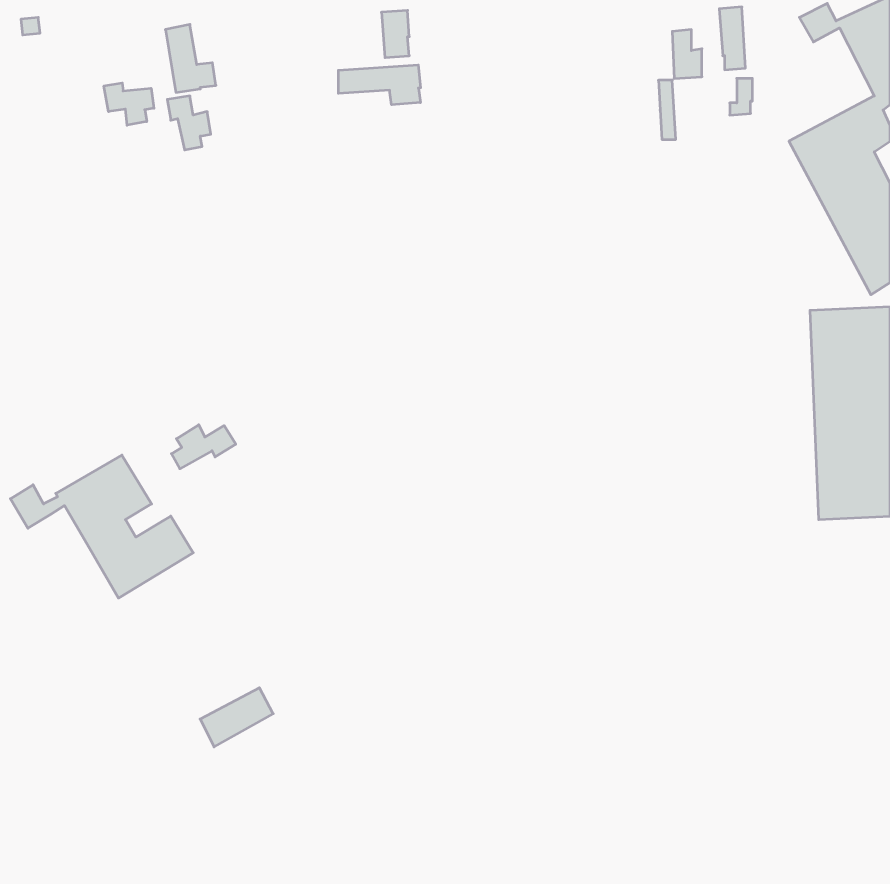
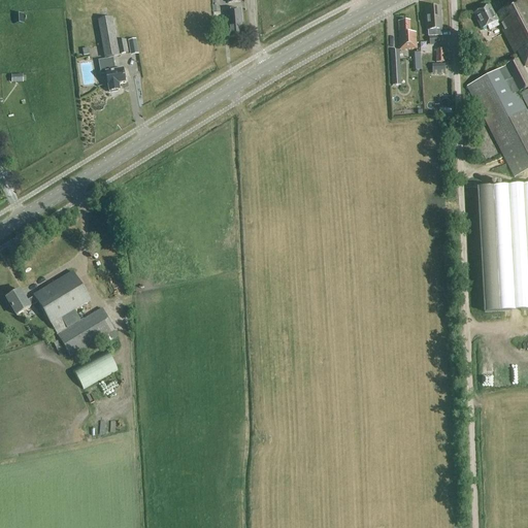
building: [338,65,421,105] -> none
building: [104,83,154,125] -> none
building: [171,425,236,469] -> none
building: [200,688,273,747] -> [77,349,121,384]

